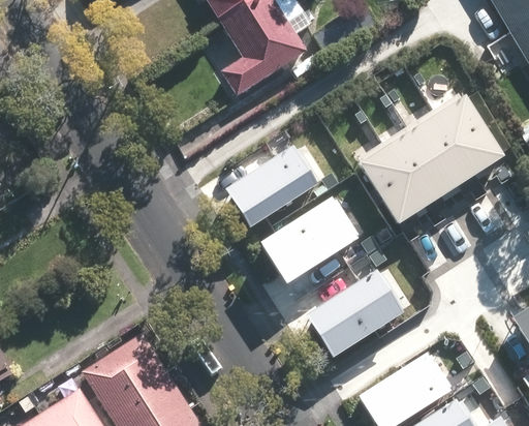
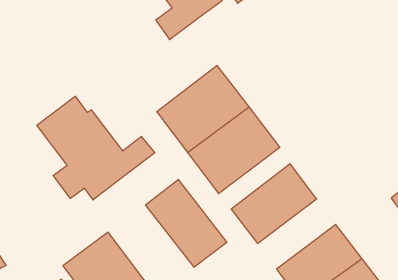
building: [356,88,517,231] -> none
building: none -> [37,96,155,200]
building: none -> [146,179,227,267]

